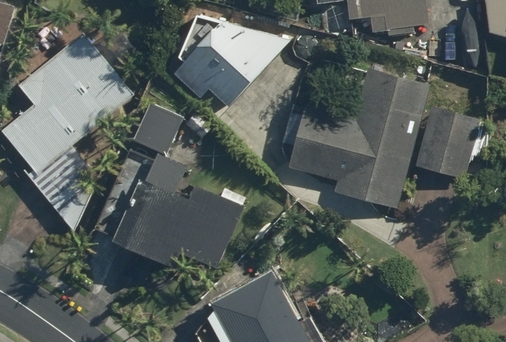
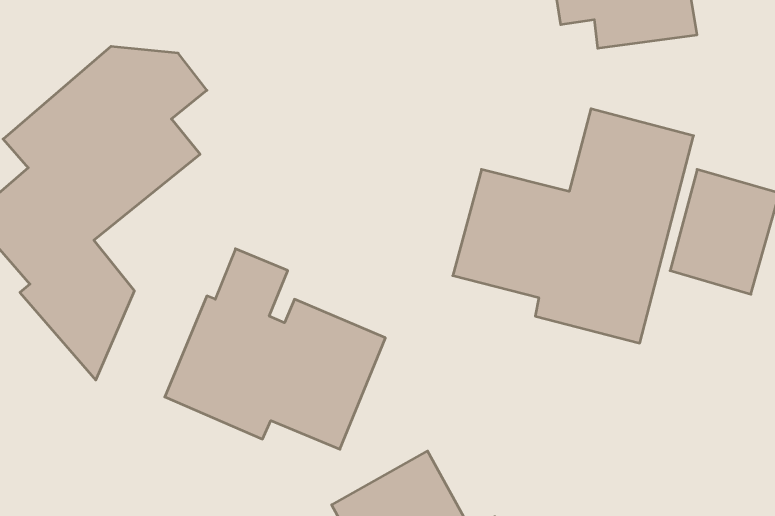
building: [174,22,289,108] -> none
building: [132,103,181,155] -> none

